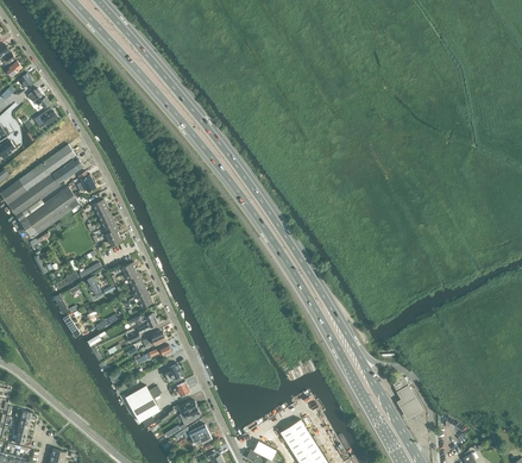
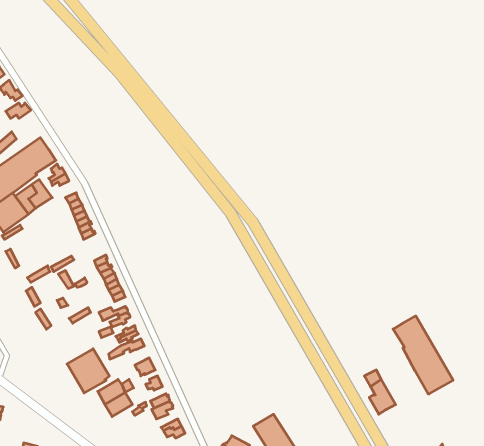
building: none -> [393,316,453,394]
building: none -> [67,349,109,393]

